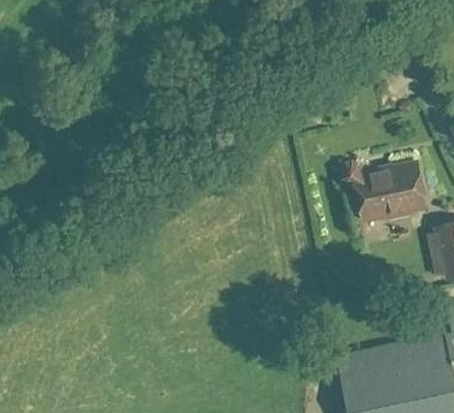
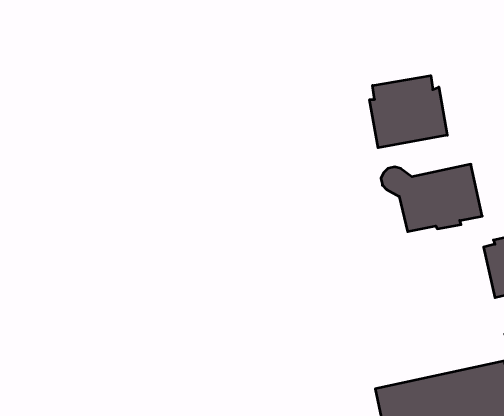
building: none -> [370,76,447,148]

